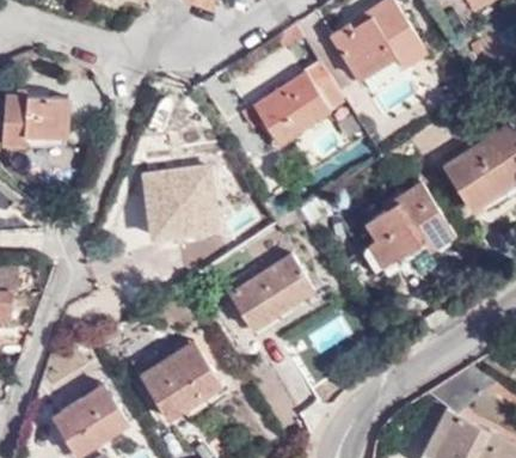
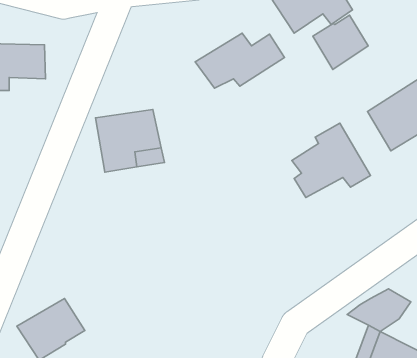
building: none -> [313,15,368,69]
building: [231,255,313,324] -> none
building: [139,336,216,410] -> none

